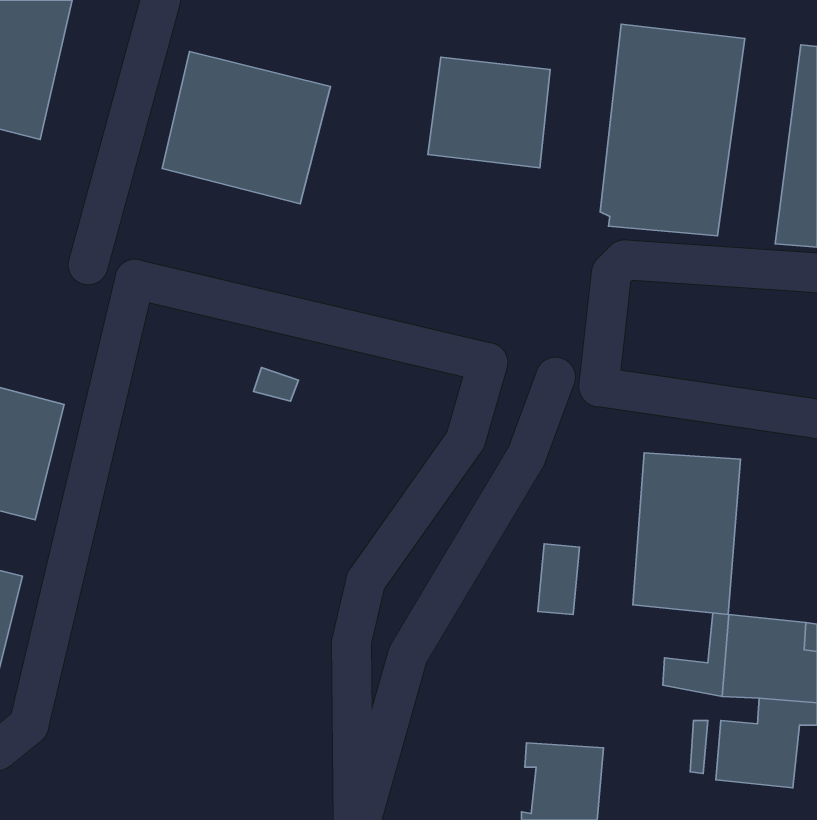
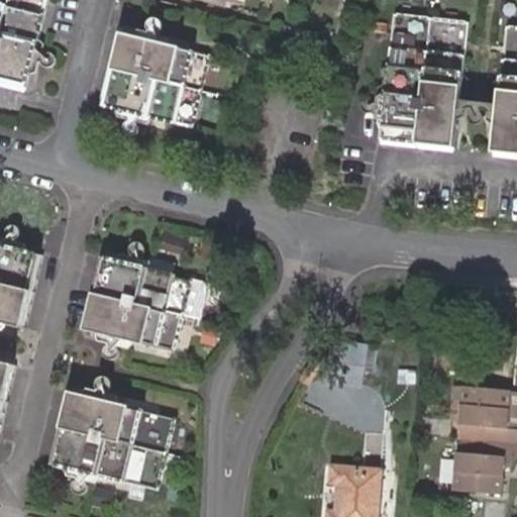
building: [428,57,550,168] -> none
building: none -> [85,253,208,349]
building: [633,453,741,615] -> none
building: none -> [51,390,176,490]

